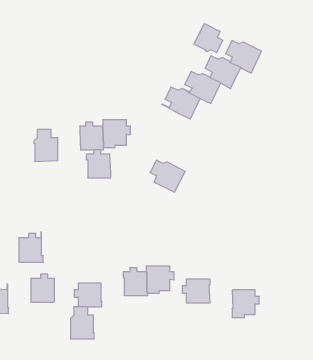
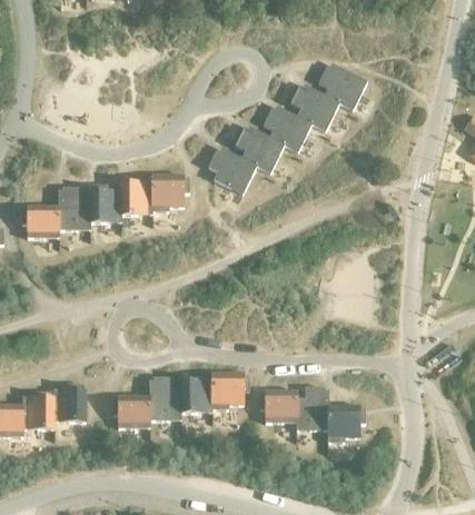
building: [194,24,223,53] -> none
building: none -> [21,204,59,237]
building: [86,150,111,178] -> [88,184,121,221]
building: [150,160,185,192] -> [208,149,256,192]
building: [19,232,43,262] -> [22,388,56,429]
building: none -> [296,386,328,429]
building: [71,307,94,339] -> [149,376,181,419]

